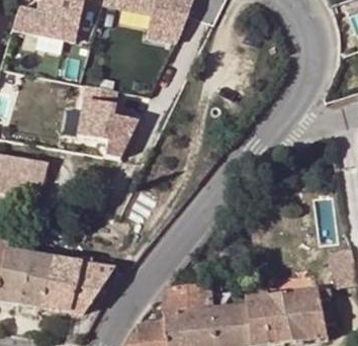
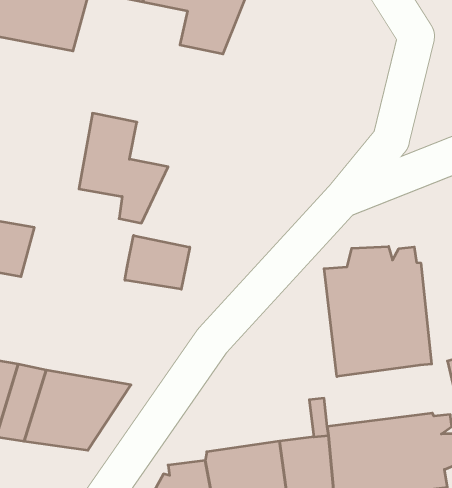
building: none -> [125,235,190,289]
building: none -> [324,246,432,377]
building: [164,283,213,314] -> none

